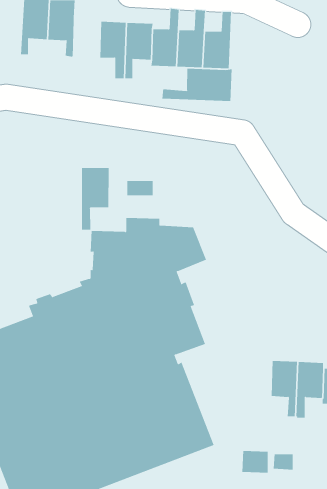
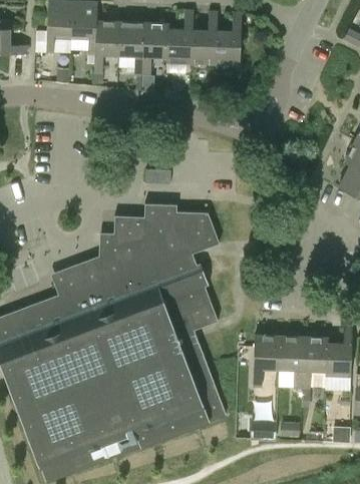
building: none -> [93,22,120,75]
building: [162,68,232,102] -> none
building: [82,167,109,230] -> none
building: none -> [252,336,279,388]

